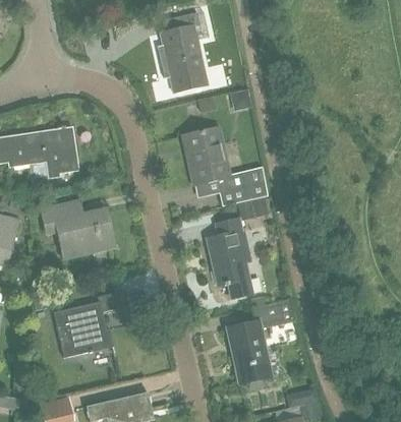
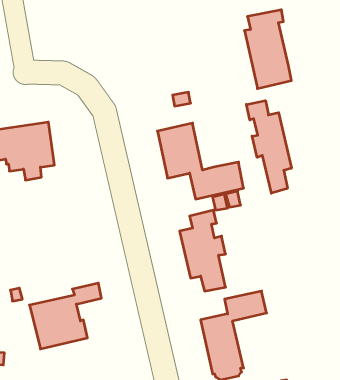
building: [159,11,207,92] -> [244,10,291,89]
building: none -> [246,101,291,193]
building: [41,202,113,257] -> none

